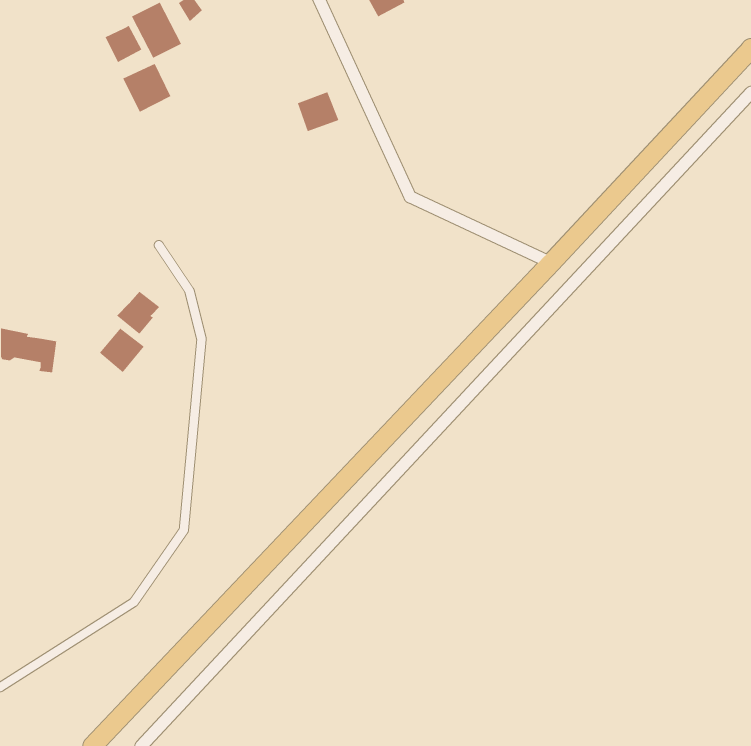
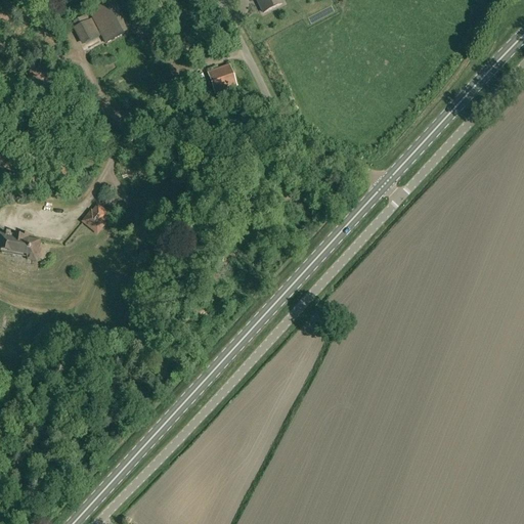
building: [122,63,171,113] -> none
building: [99,328,145,373] -> none

